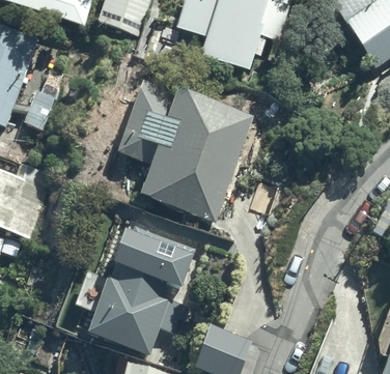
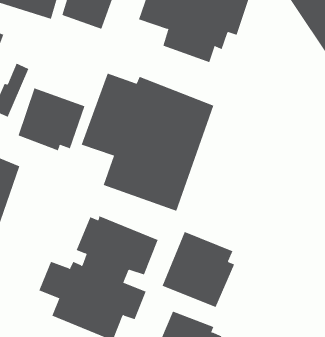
building: none -> [18,87,85,151]
building: none -> [162,231,235,308]

